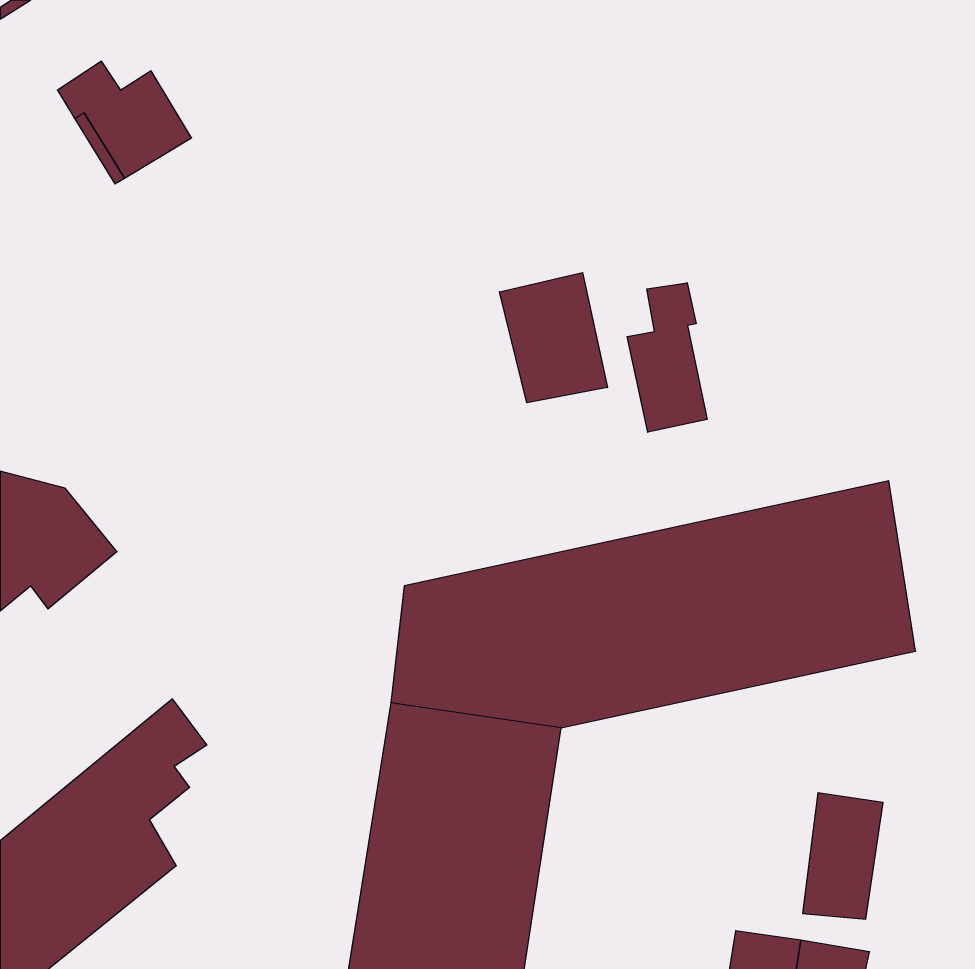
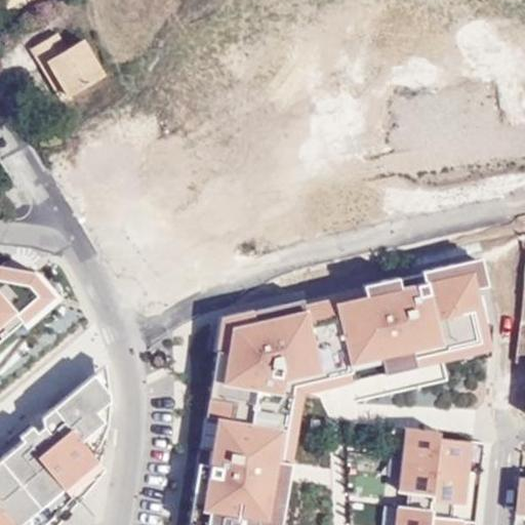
building: [500,273,607,403] -> none
building: [627,283,707,432] -> none
building: none -> [395,426,440,494]

